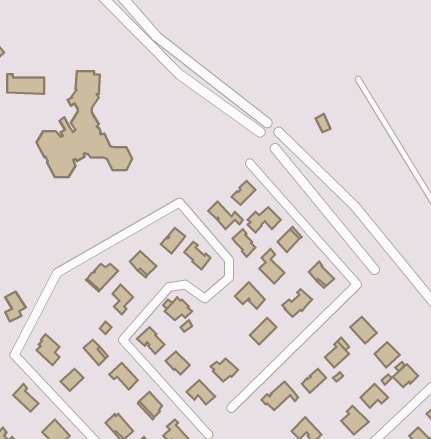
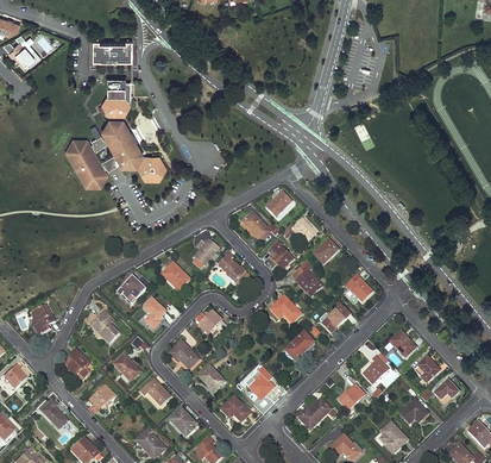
building: [7,74,44,94] -> [93,39,131,60]
building: none -> [87,308,119,342]

